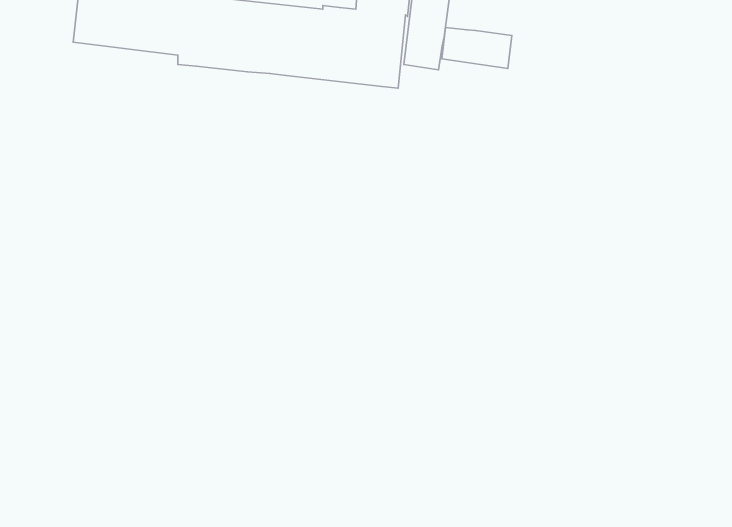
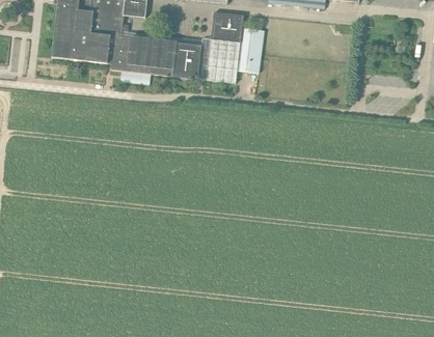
building: [442,27,512,69] -> none

